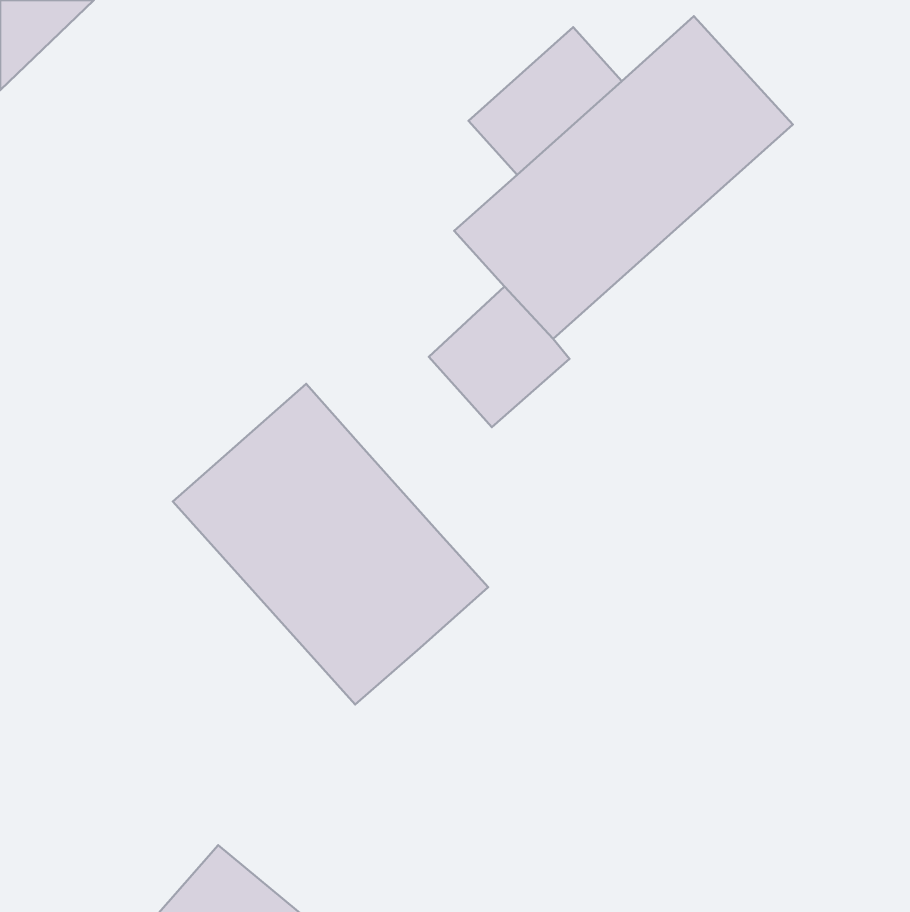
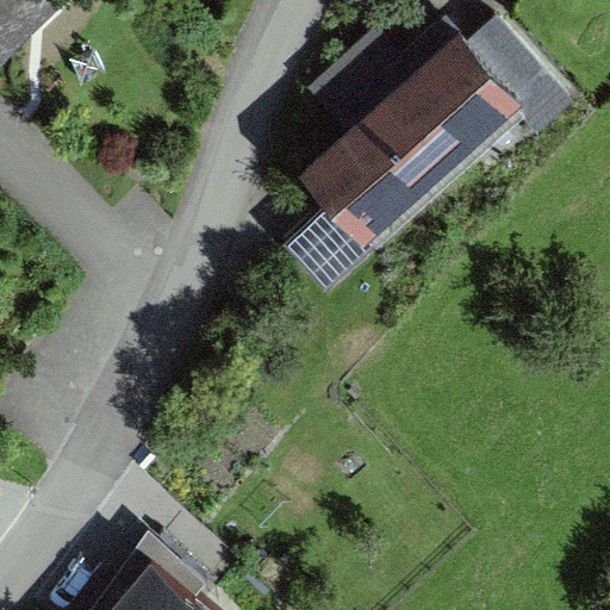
building: [173,384,488,705] -> none

